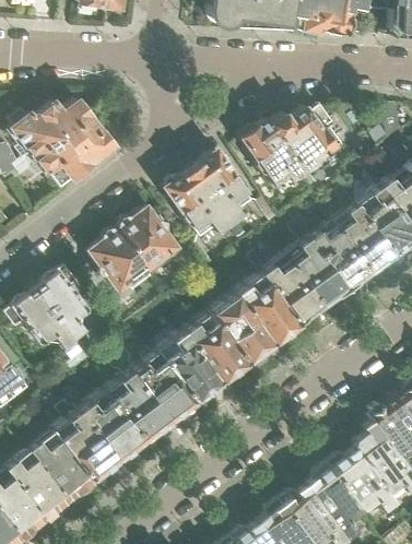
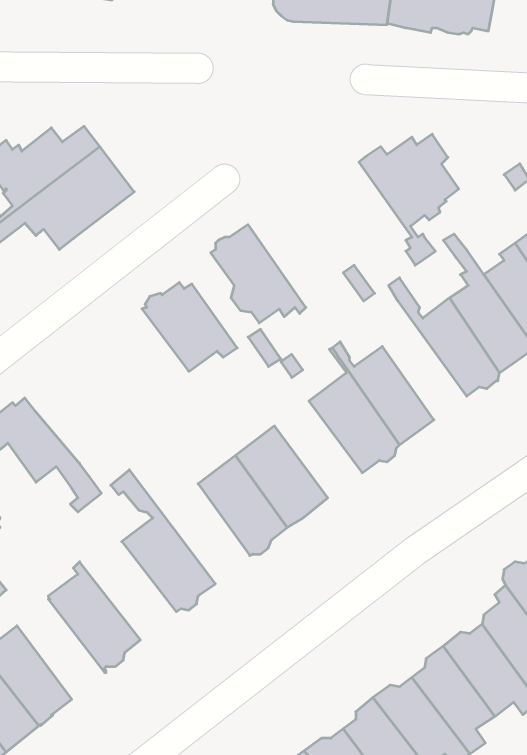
building: [243,118,305,185] -> none
building: [195,150,255,225] -> none
building: [289,221,348,304] -> none
building: [76,226,153,309] -> none
building: [38,265,90,334] -> none
building: [213,291,274,359] -> none
building: [111,334,196,418] -> none
building: [68,386,144,458] -> none
building: [33,429,94,499] -> none

